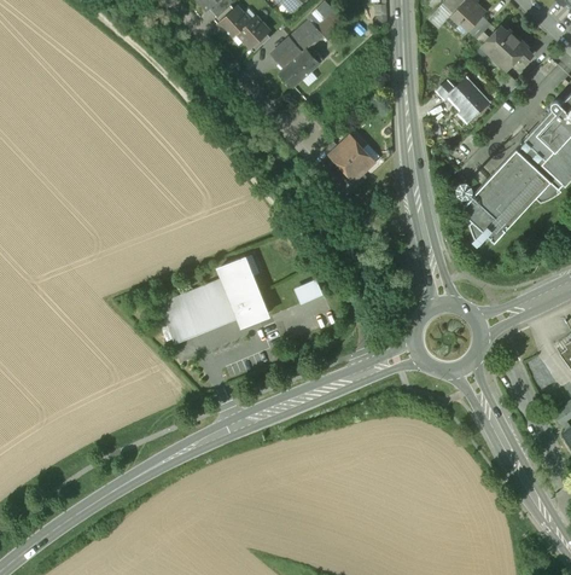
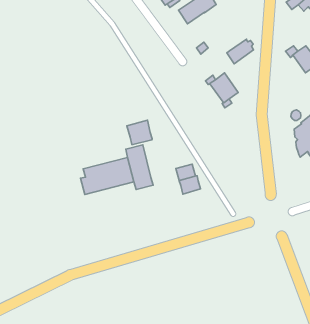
building: [284,50,322,88] -> [227,39,253,64]
building: none -> [127,120,152,145]
building: none -> [179,176,201,194]

